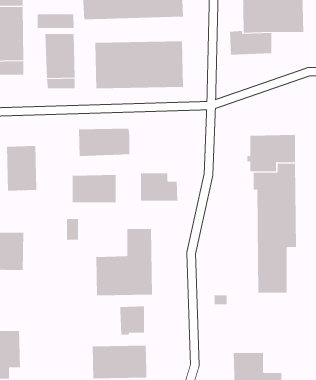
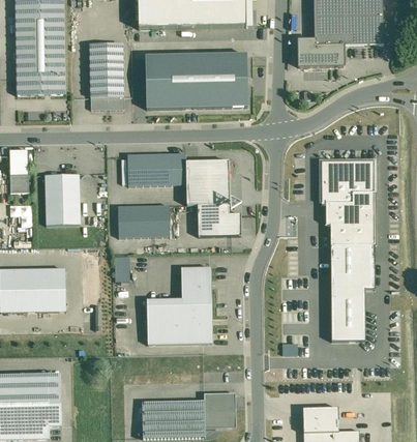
building: [37,14,74,29] -> none
building: none -> [185,159,229,204]
building: [119,306,145,335] -> [204,393,233,426]

